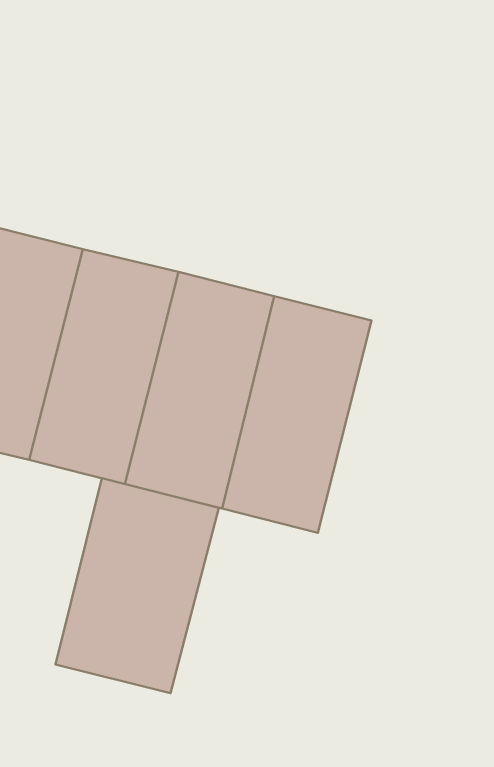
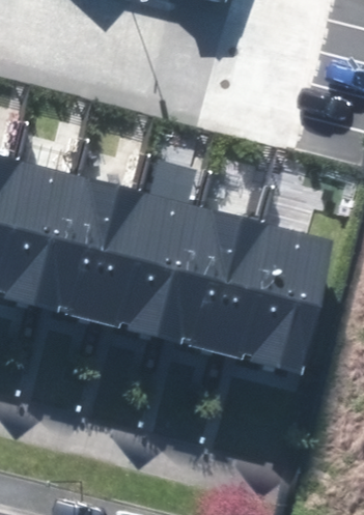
building: none -> [233,223,329,373]
building: [55,478,219,693] -> none

